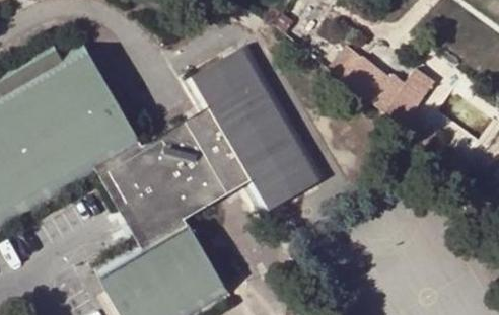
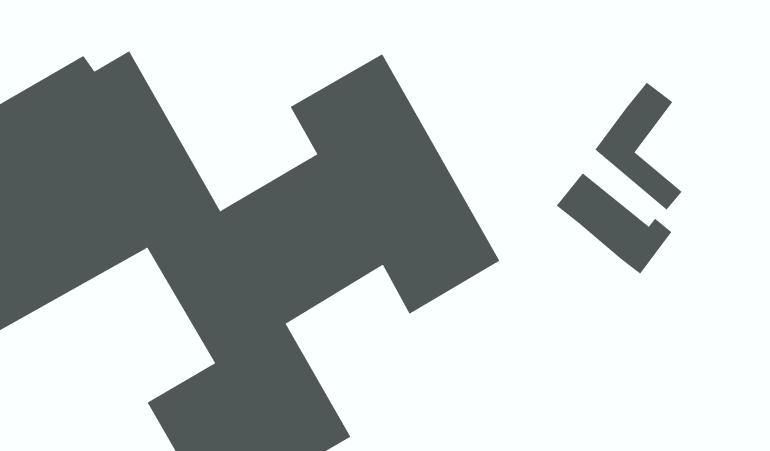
building: [330,42,405,107] -> [556,172,672,275]

